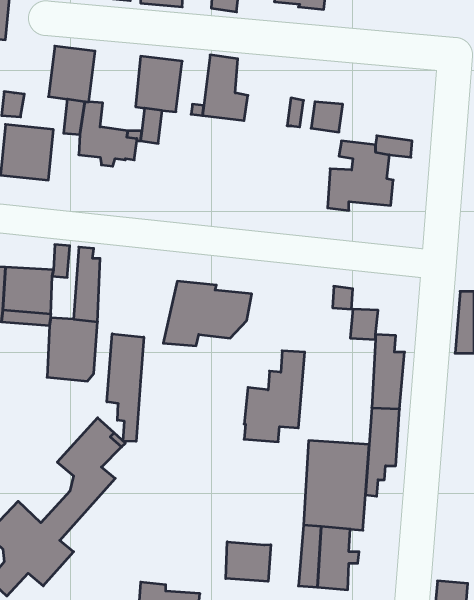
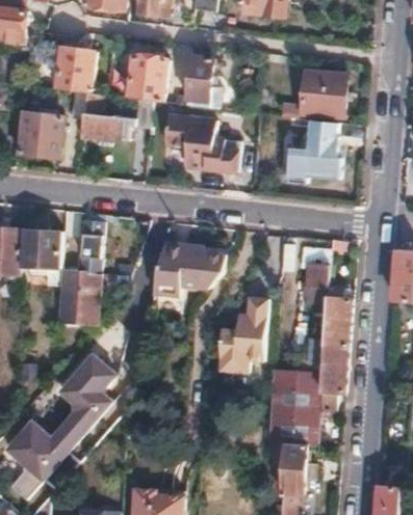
building: none -> [302,71,347,118]
building: none -> [164,115,224,170]
building: [107,334,144,441] -> none
building: [226,542,271,581] -> none

